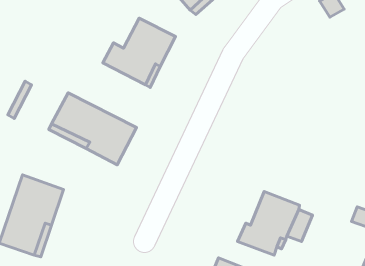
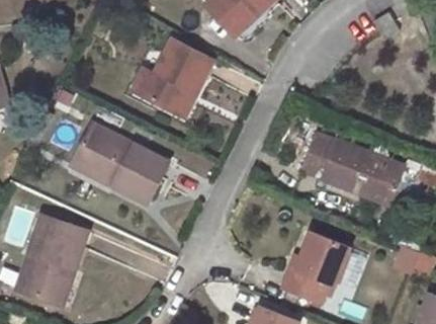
building: none -> [299,131,403,205]

